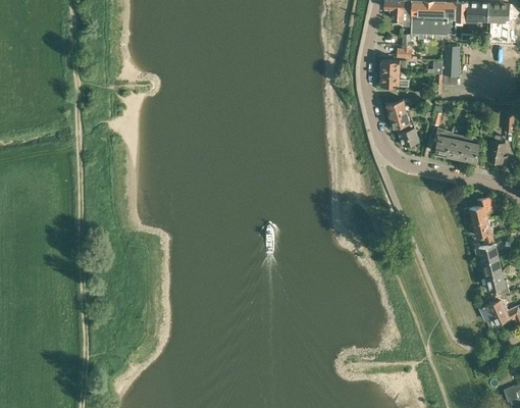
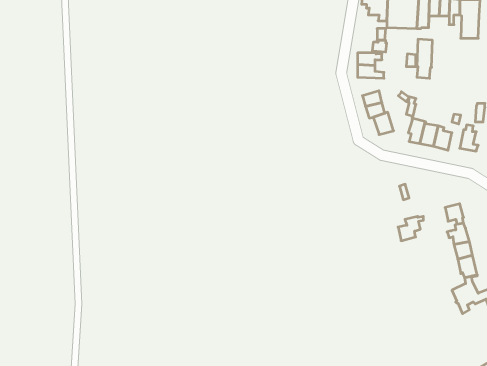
building: [470,197,497,222] -> [398,216,423,241]

